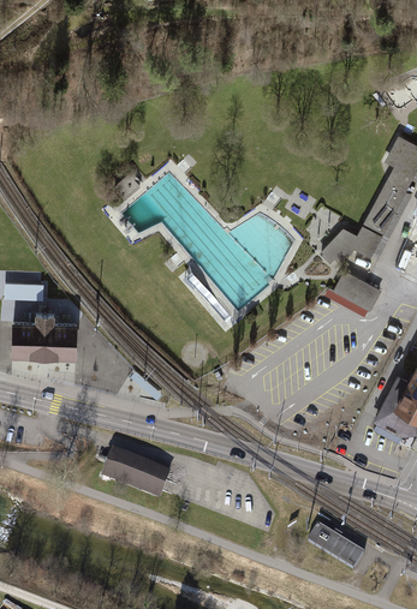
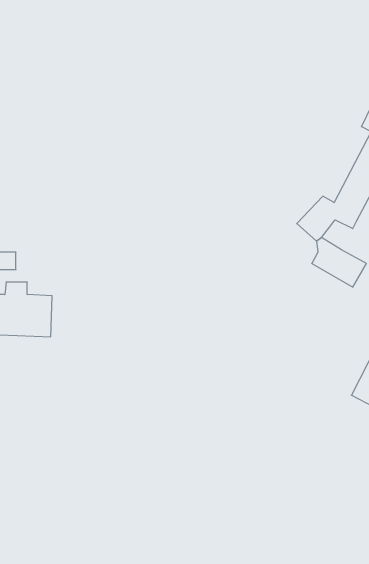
building: [106,453,169,497] -> none
building: [309,526,367,573] -> none

